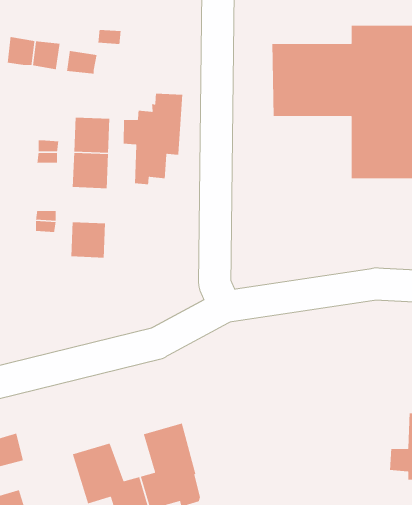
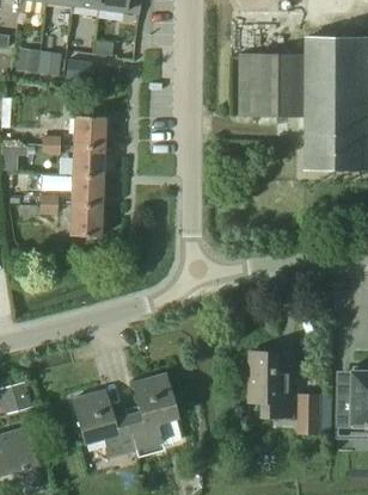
building: [123,93,183,185] -> none
building: none -> [70,177,100,206]
building: none -> [250,353,295,419]
building: none -> [301,396,321,434]

